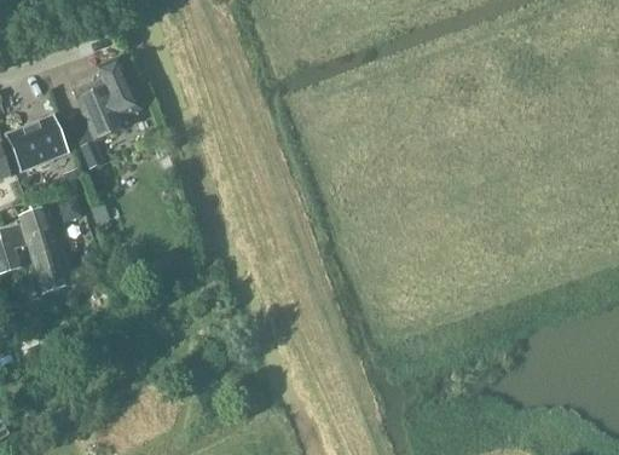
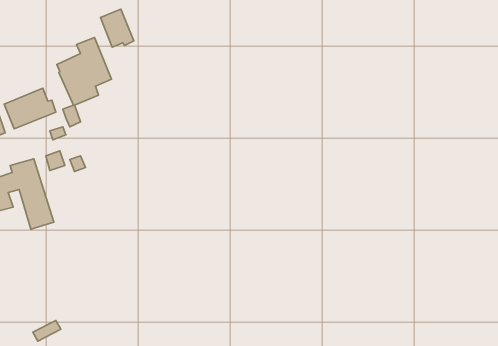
building: none -> [100,9,134,47]

